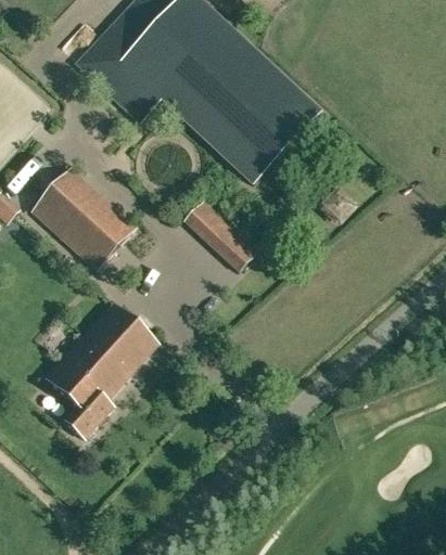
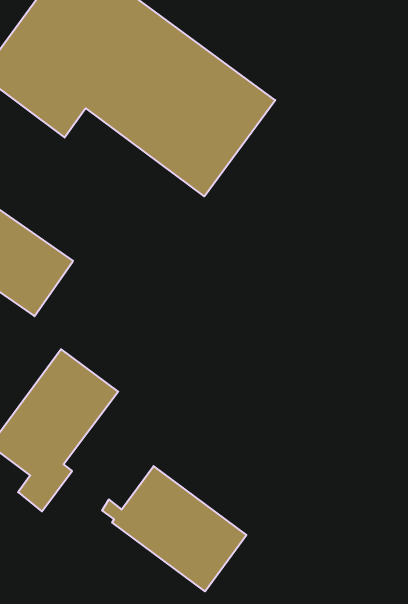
building: [188,199,266,268] -> none
building: none -> [102,466,246,591]

